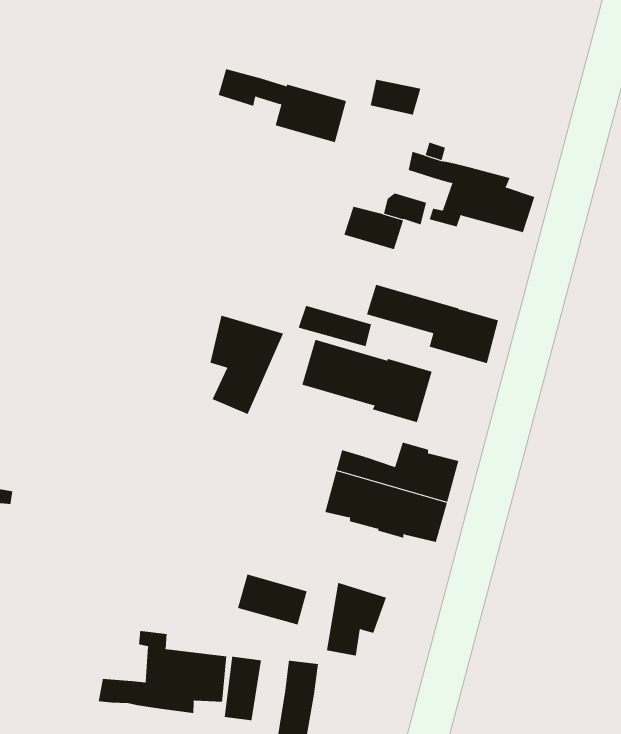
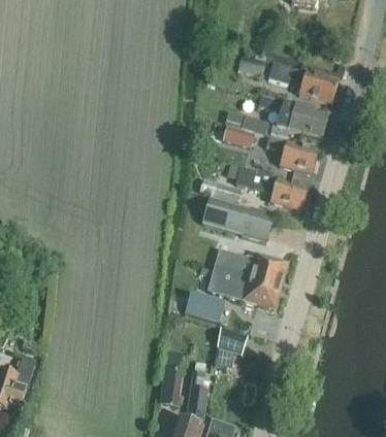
building: [218,69,347,143] -> [268,62,339,102]
building: none -> [266,135,319,173]
building: [210,315,284,415] -> none
building: [237,574,308,625] -> [186,293,224,321]
building: [98,630,227,714] -> none

